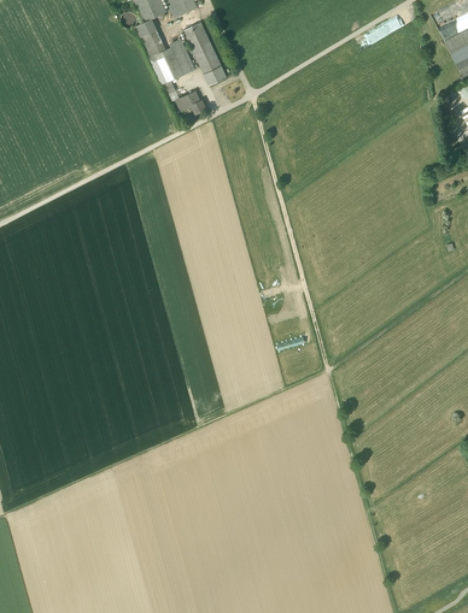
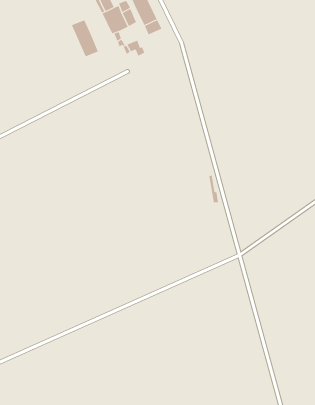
building: none -> [71,20,98,57]

